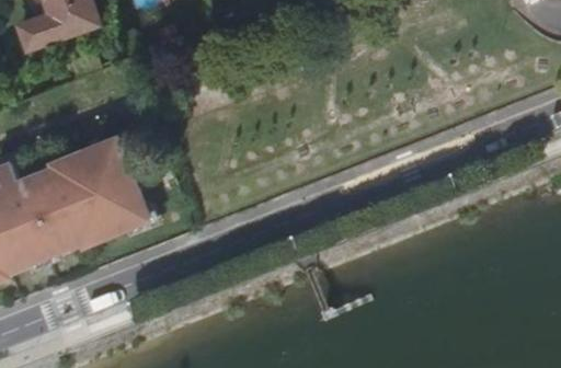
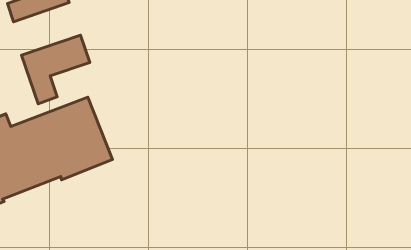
building: none -> [21,35,90,104]

